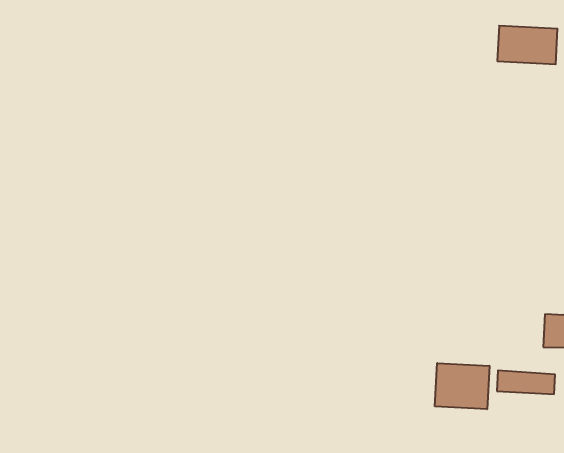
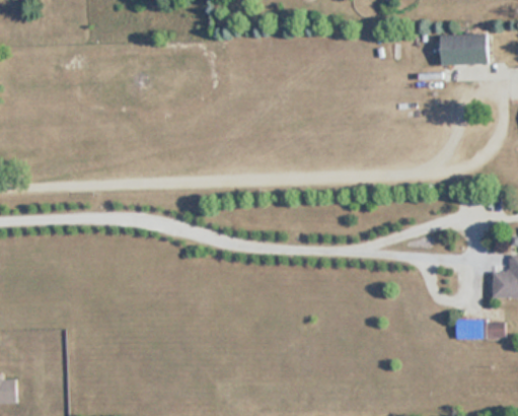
building: [435,363,489,409] -> none

